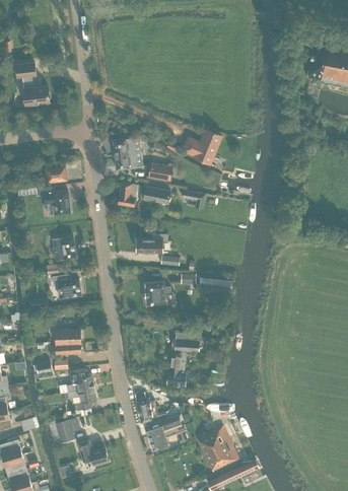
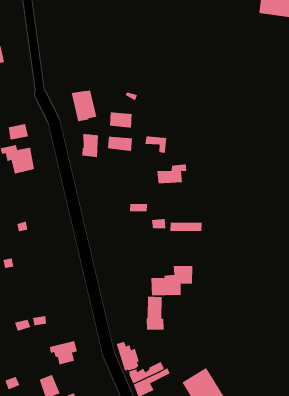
building: [182,129,220,162] -> none
building: [136,233,166,252] -> [157,164,187,184]
building: [52,235,75,259] -> none
building: [51,274,80,297] -> none
building: [144,281,169,304] -> none
building: [55,328,80,354] -> none
building: [58,367,93,393] -> none

